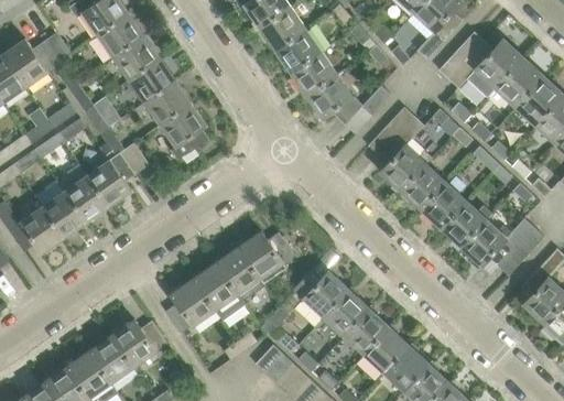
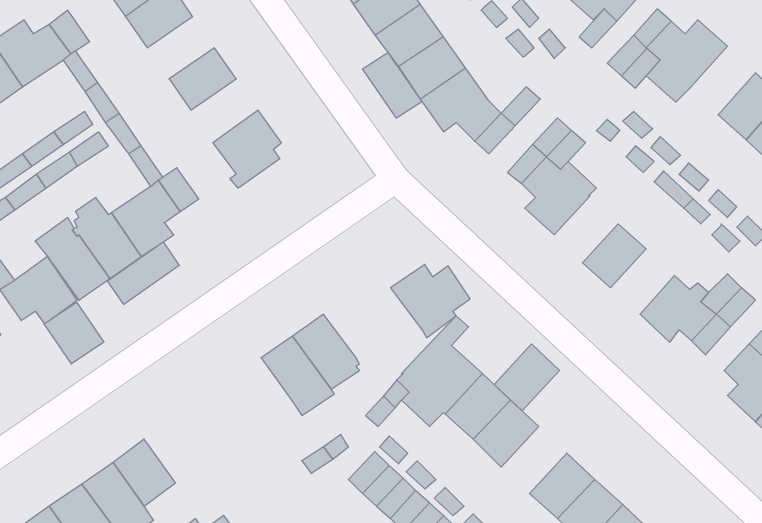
building: [113,36,161,80] -> none
building: [497,57,543,106] -> none
building: none -> [363,53,422,118]
building: [144,80,192,126] -> none
building: [401,163,446,210] -> none
building: none -> [108,242,179,304]
building: [441,201,491,247] -> none
building: [238,230,294,282] -> [391,264,470,338]
building: none -> [44,302,104,364]
building: [166,278,216,333] -> none
building: [111,318,167,366] -> none
building: [364,326,410,373] -> [494,344,560,411]

